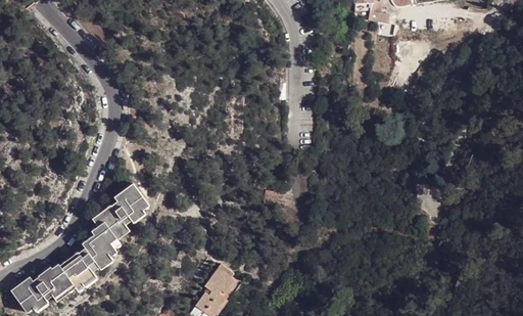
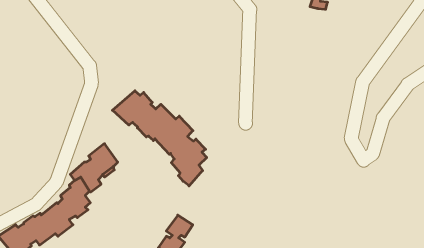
building: none -> [112,91,207,186]

